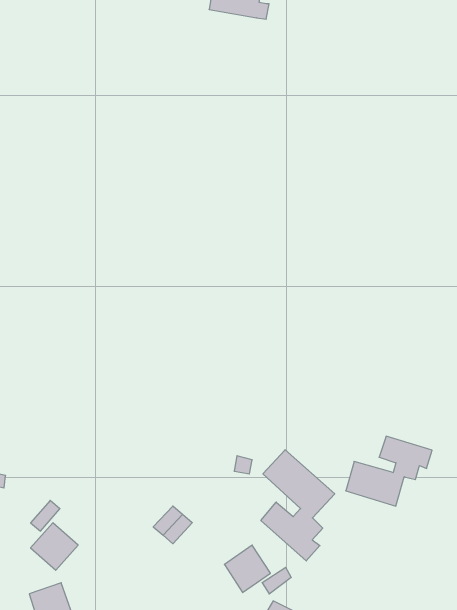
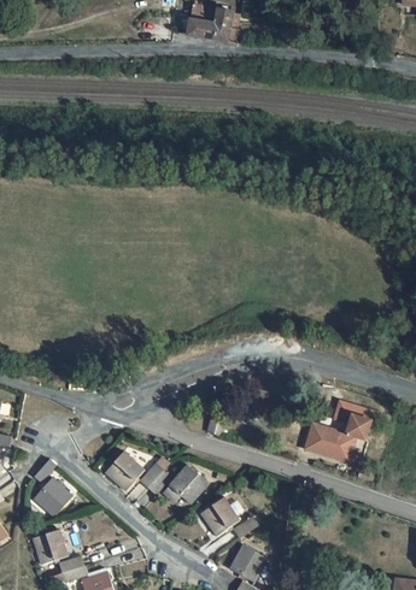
building: [261,450,335,561] -> none
building: none -> [104,450,145,491]
building: none -> [168,464,209,505]

